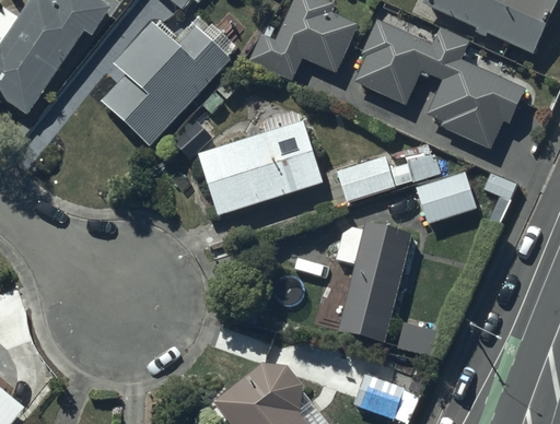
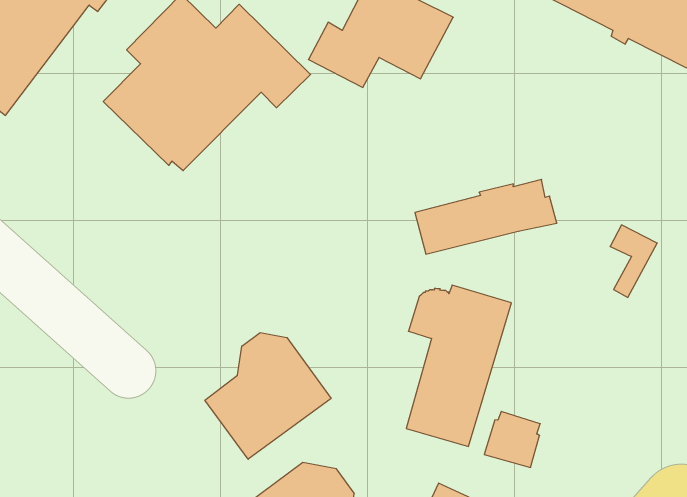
building: [354,20,526,149] -> none
building: [198,110,323,215] -> none
building: [416,170,483,225] -> none
building: none -> [205,333,331,459]

